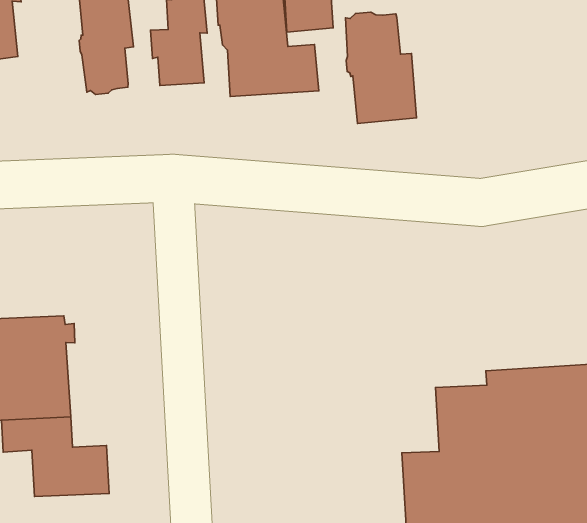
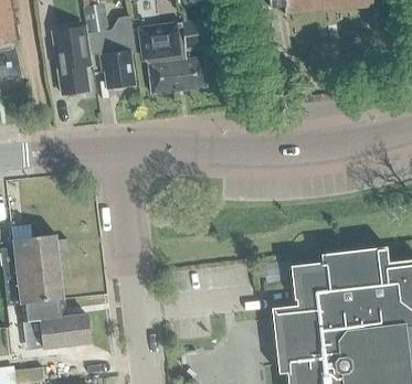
building: [345,12,416,124] -> none

